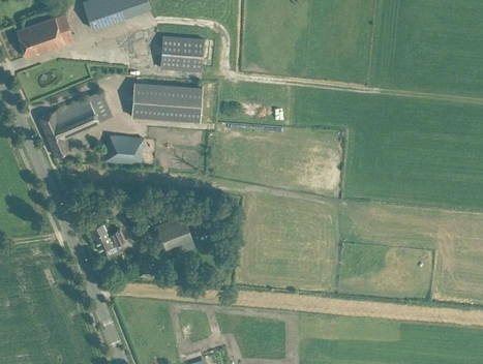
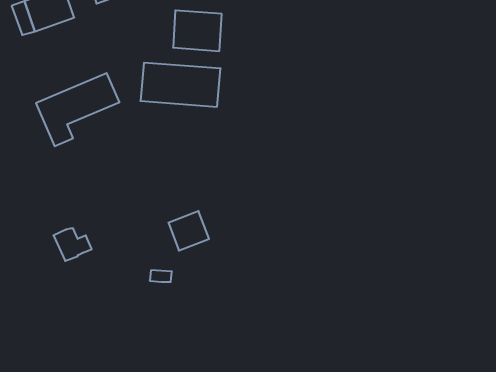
building: [103,135,142,164] -> none
building: [89,223,123,252] -> [53,228,92,261]

